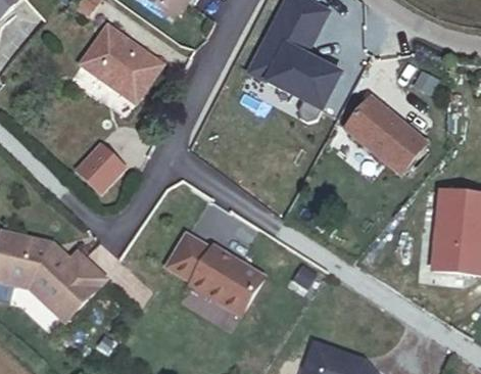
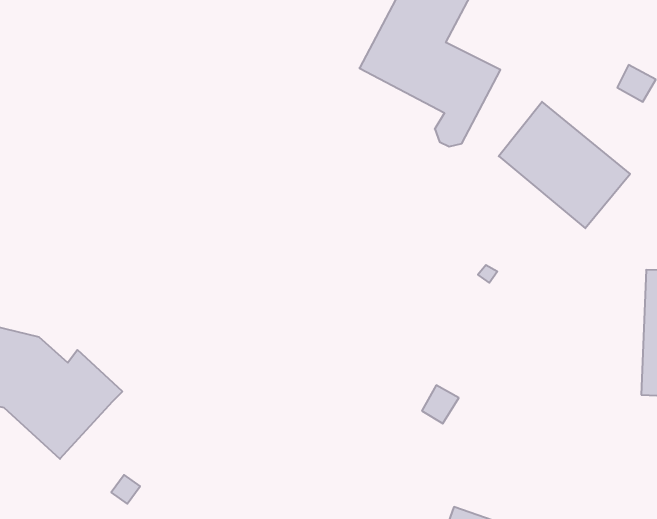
building: [80,31,159,106] -> none
building: [76,143,122,190] -> none
building: [166,228,263,310] -> none

